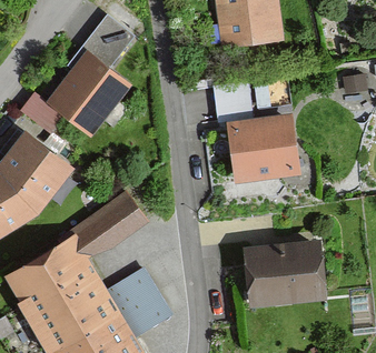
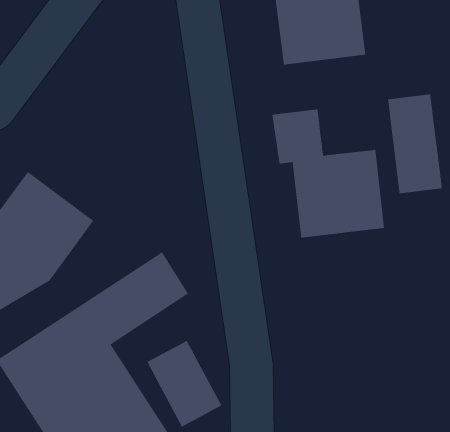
building: [20,17,138,140] -> none
building: none -> [387,94,442,194]
building: [245,240,328,307] -> none

